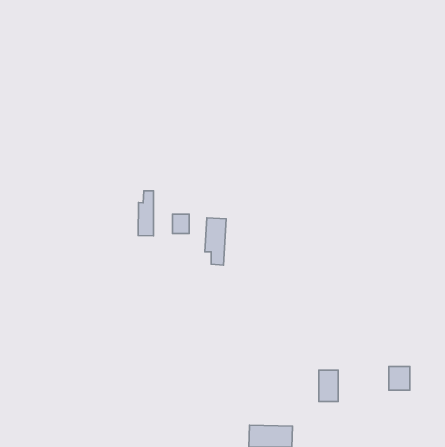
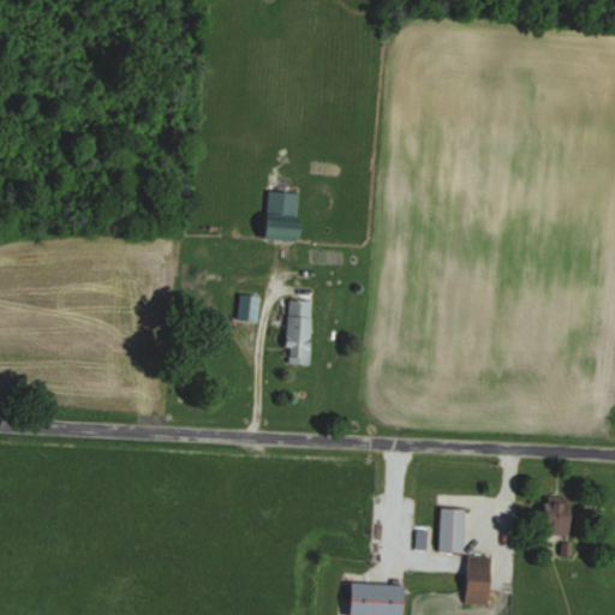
building: none -> [257,191,300,240]
building: [138,191,153,236] -> none
building: none -> [464,555,490,604]

